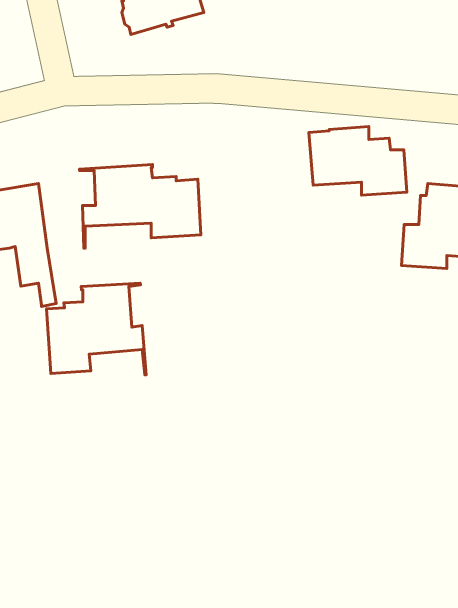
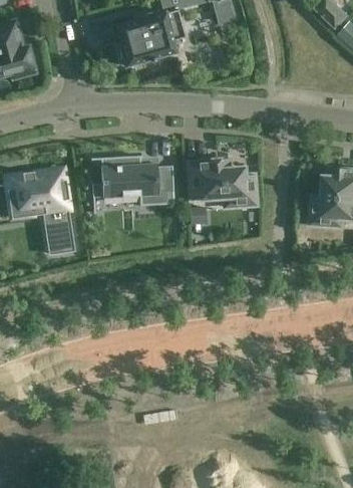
building: [309,126,407,195] -> [188,160,255,207]
building: [47,283,146,375] -> none

